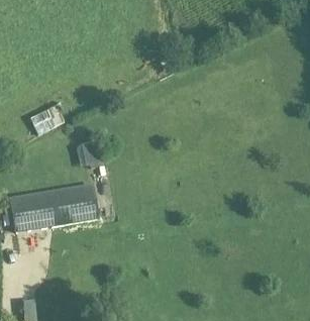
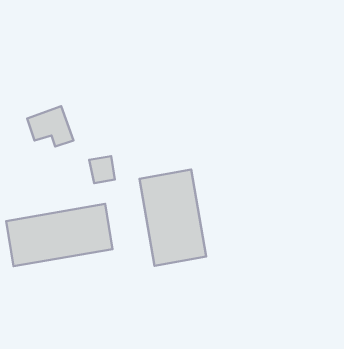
building: none -> [140,170,206,266]

